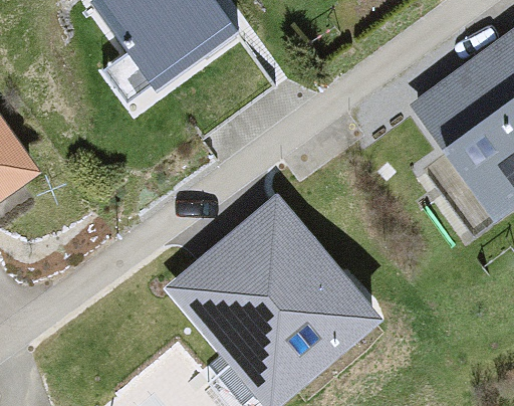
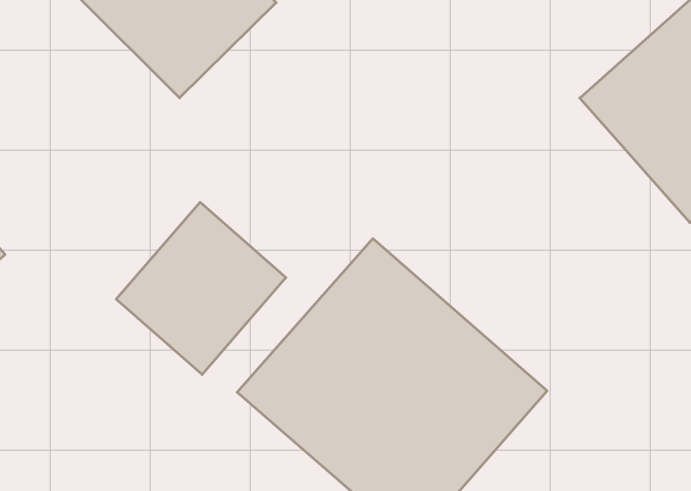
building: none -> [116,202,286,375]

